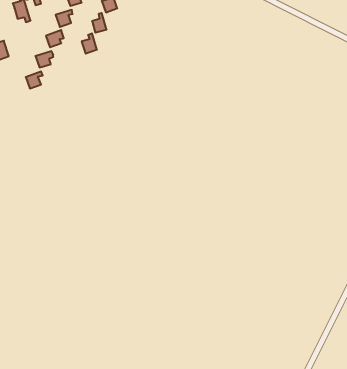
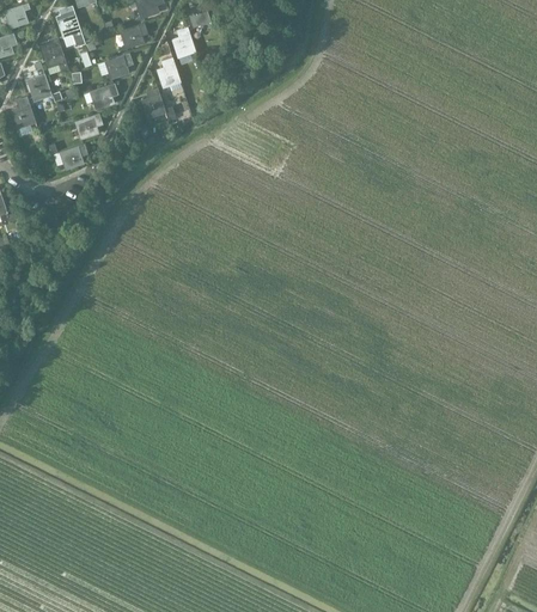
building: none -> [28,62,51,102]

